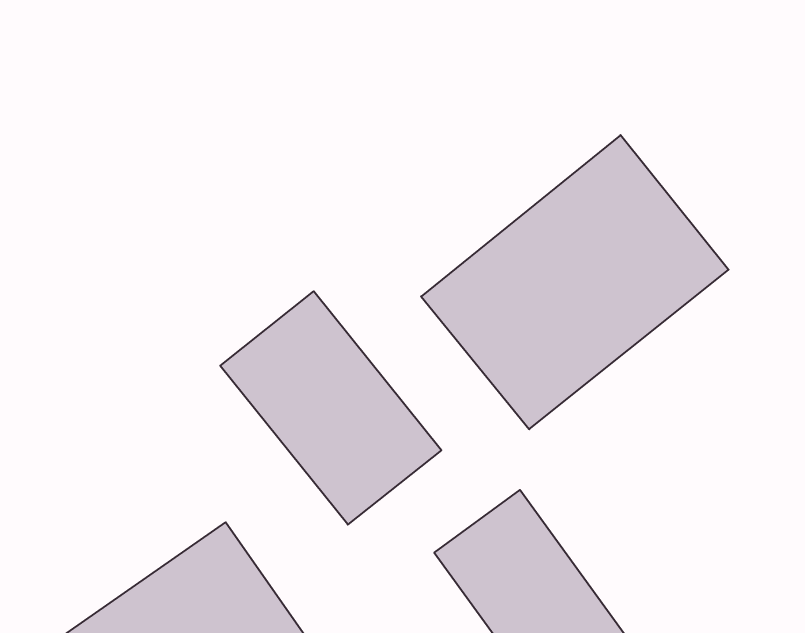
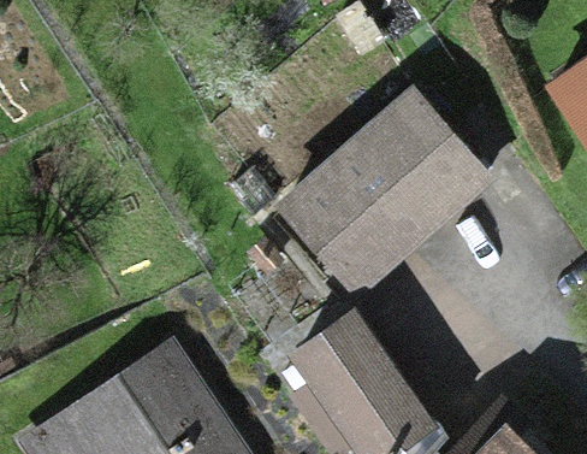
building: [220,291,441,525] -> none

